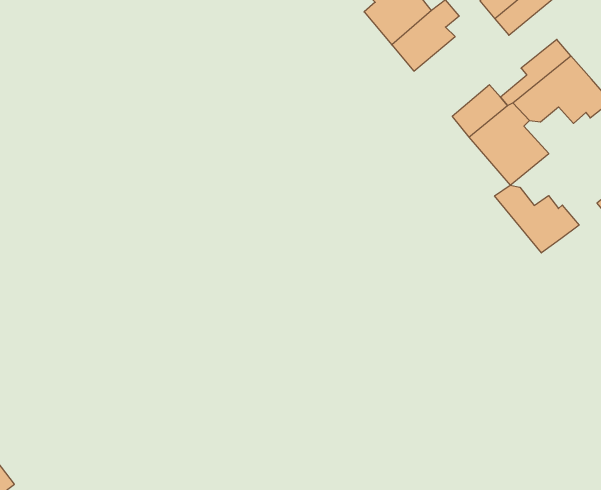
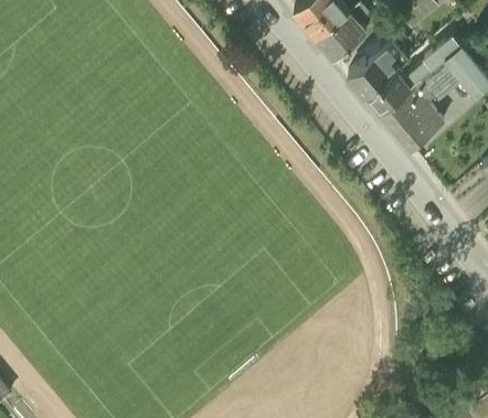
building: none -> [348,40,410,97]
building: [495,185,579,253] -> none

